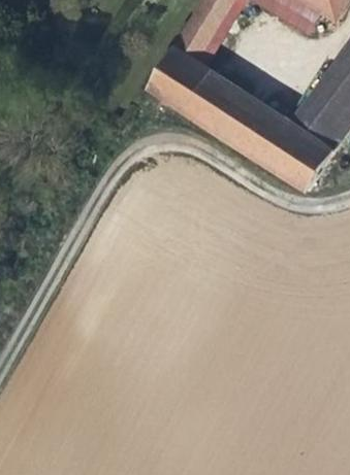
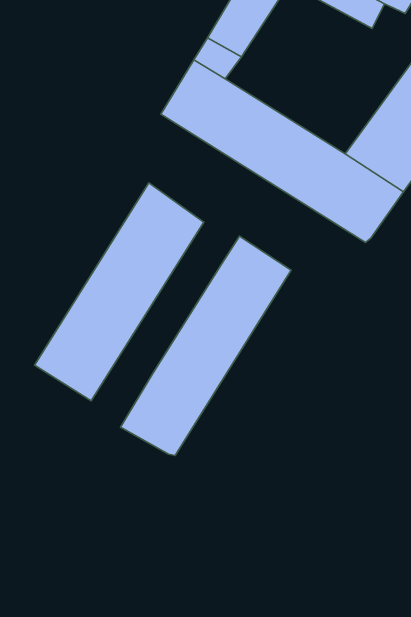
building: none -> [35,183,204,401]
building: none -> [120,236,291,455]

